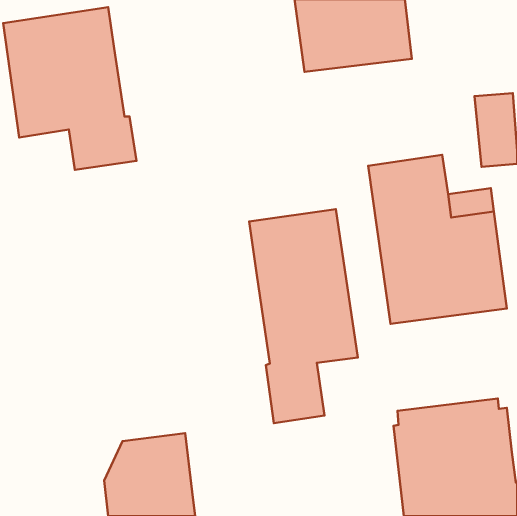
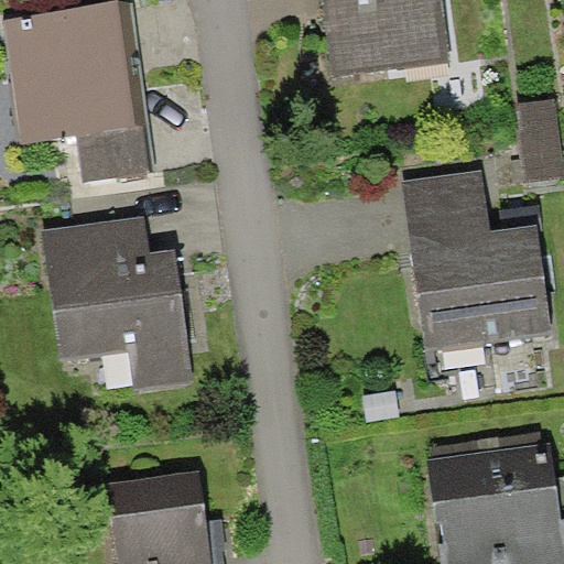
building: none -> [47,219,186,386]
building: [249,209,358,423] -> none

